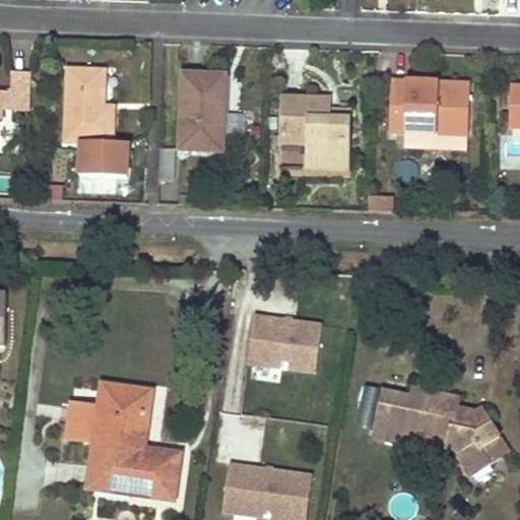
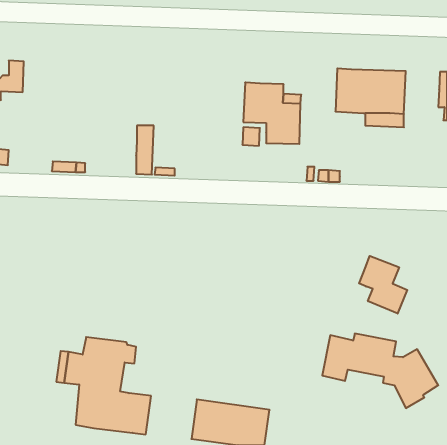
building: [65,68,127,176] -> none
building: [181,74,224,149] -> none
building: none -> [359,256,407,314]
building: [245,312,319,367] -> none

